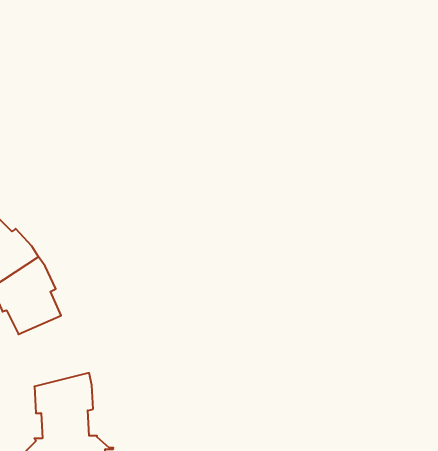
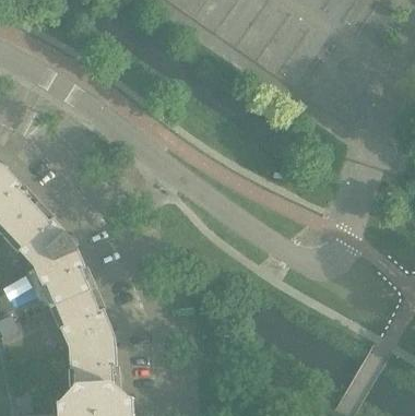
building: none -> [56,289,114,347]

